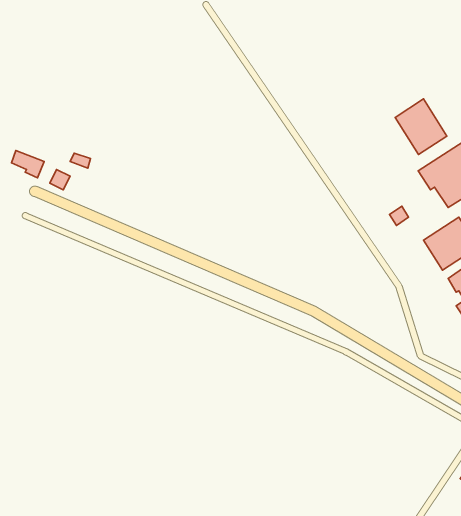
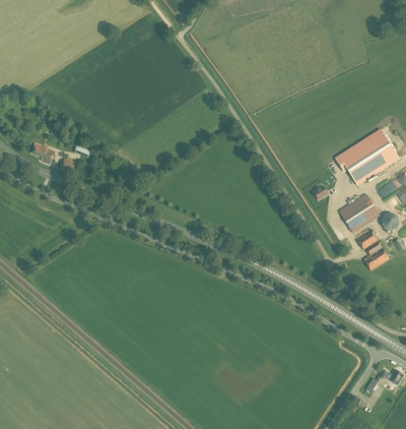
building: [395,99,447,154] -> none

